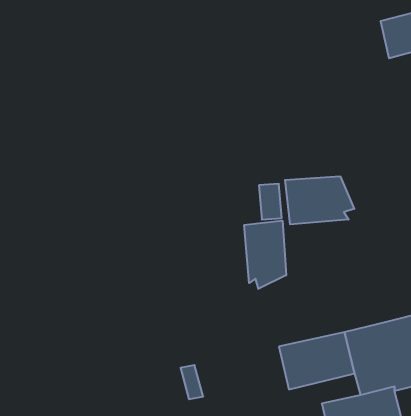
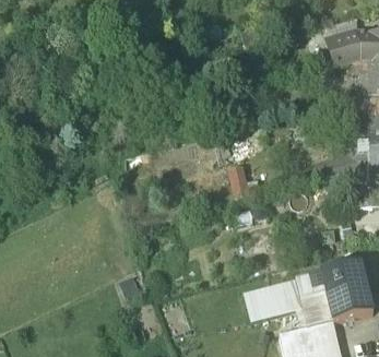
building: [285,176,354,224] -> none
building: [244,221,286,289] -> none

